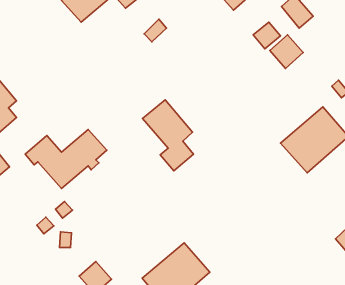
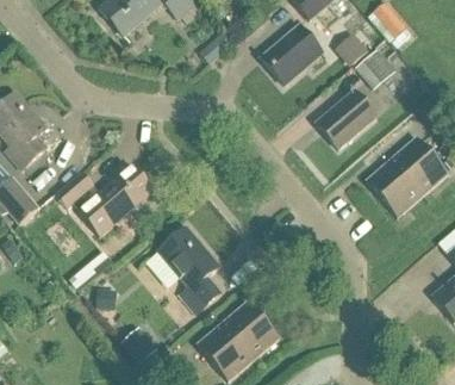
building: none -> [262,25,323,83]
building: none -> [317,89,376,148]
building: [142,100,194,171] -> [158,226,220,312]

